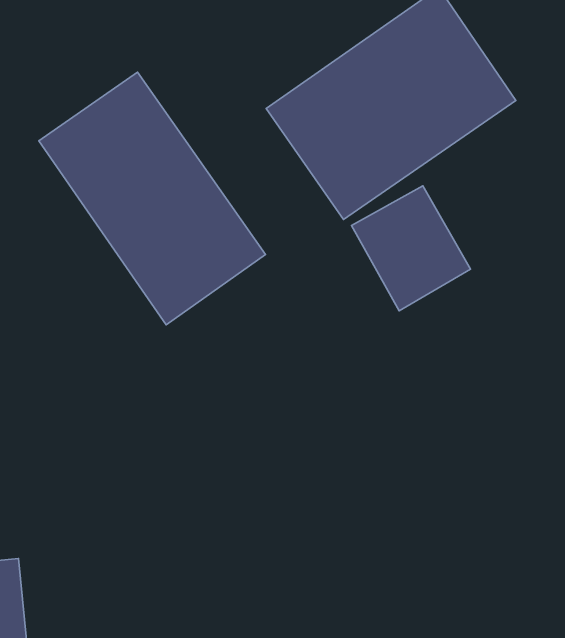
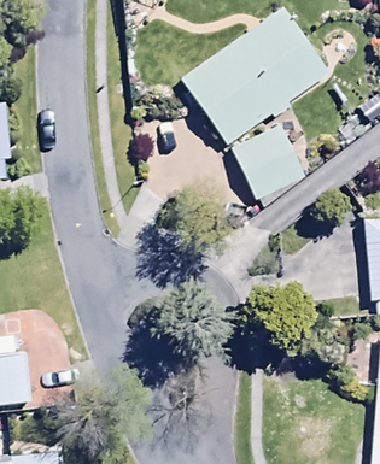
building: [39,72,265,325] -> none

